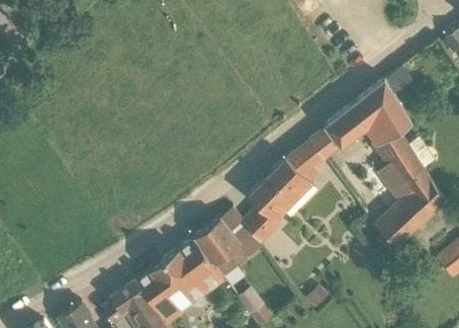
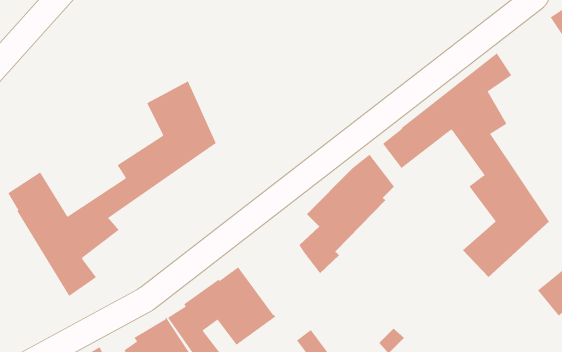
building: none -> [8,81,217,297]
building: [192,219,260,277] -> none

